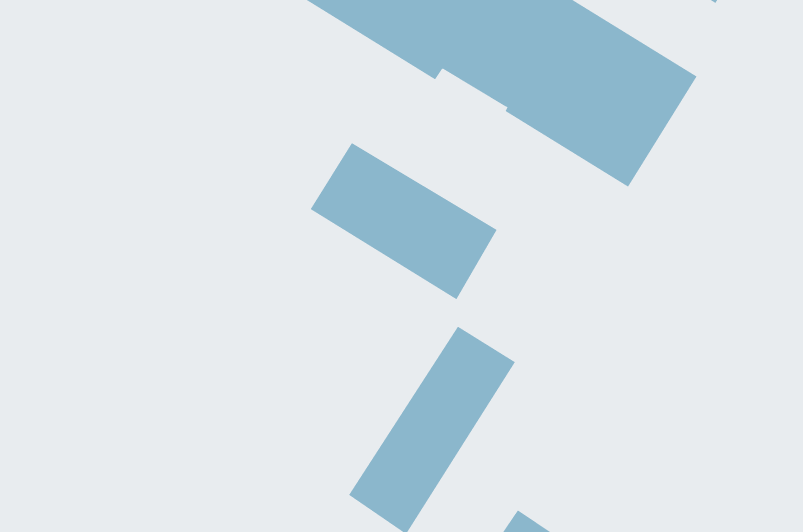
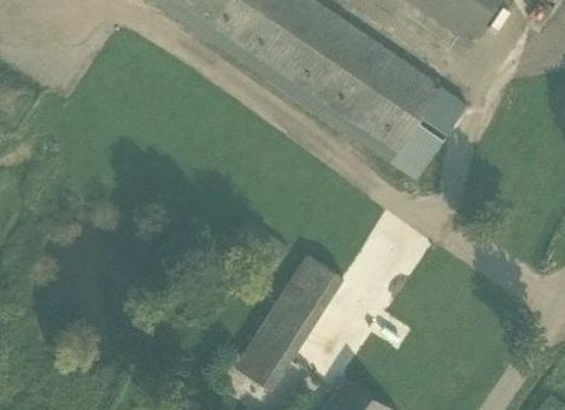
building: [310,142,497,300] -> none

